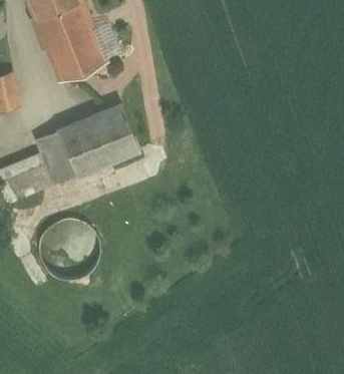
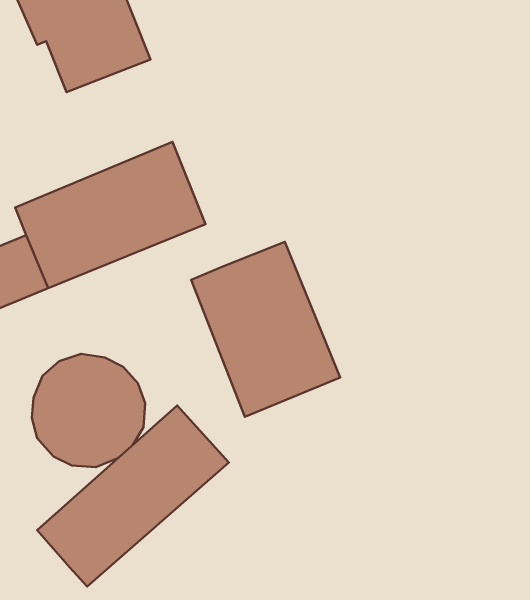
building: none -> [191,242,340,417]
building: none -> [37,406,229,586]

